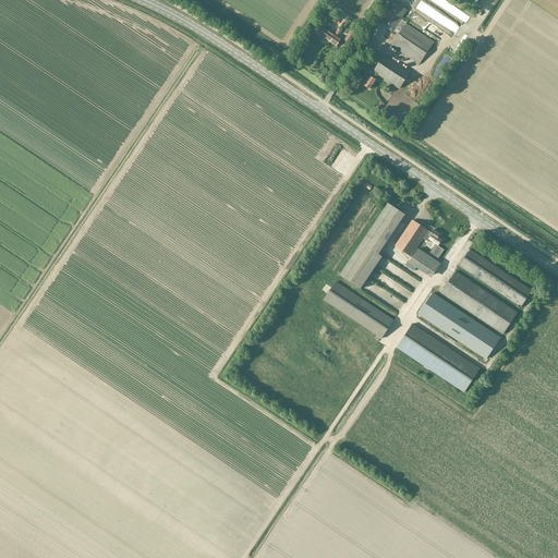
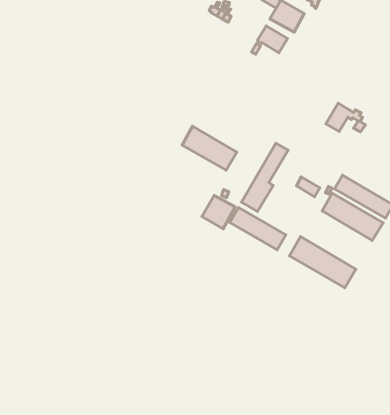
building: none -> [182,126,237,170]
building: [395,219,445,257] -> [326,103,365,132]
building: none -> [202,195,235,229]
building: [418,293,500,359] -> none

